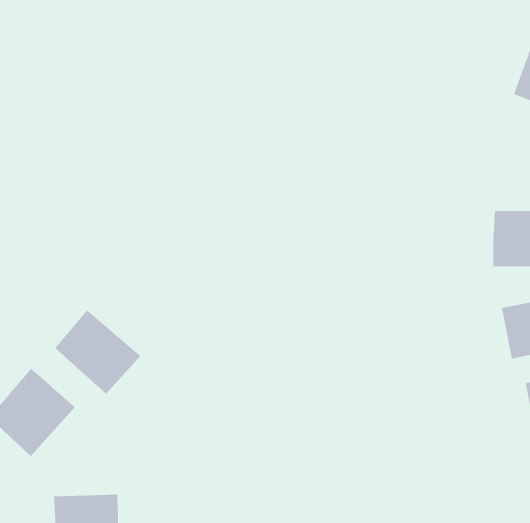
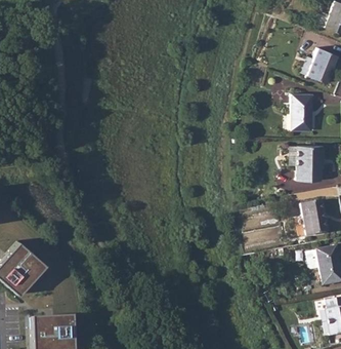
building: none -> [291,94,312,130]
building: [54,309,141,395] -> none

